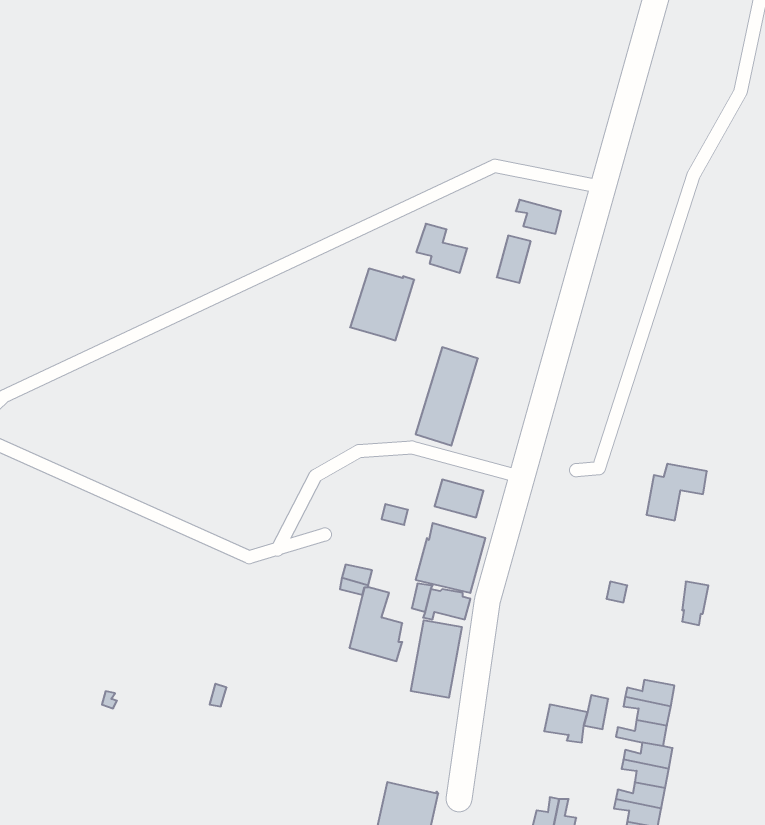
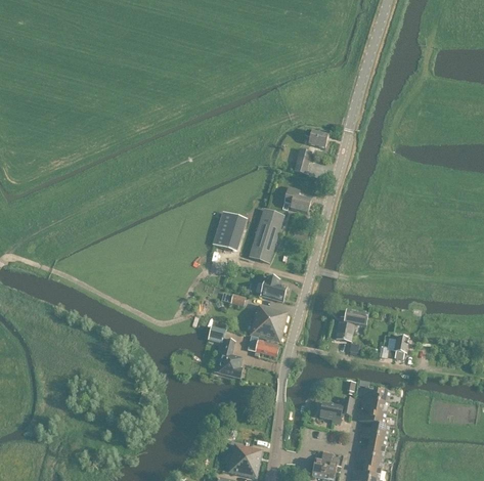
building: [416,224,467,273] -> [283,186,311,213]
building: [350,269,414,340] -> [212,213,247,252]
building: [646,464,707,520] -> [336,310,368,341]
building: [411,620,462,698] -> none

